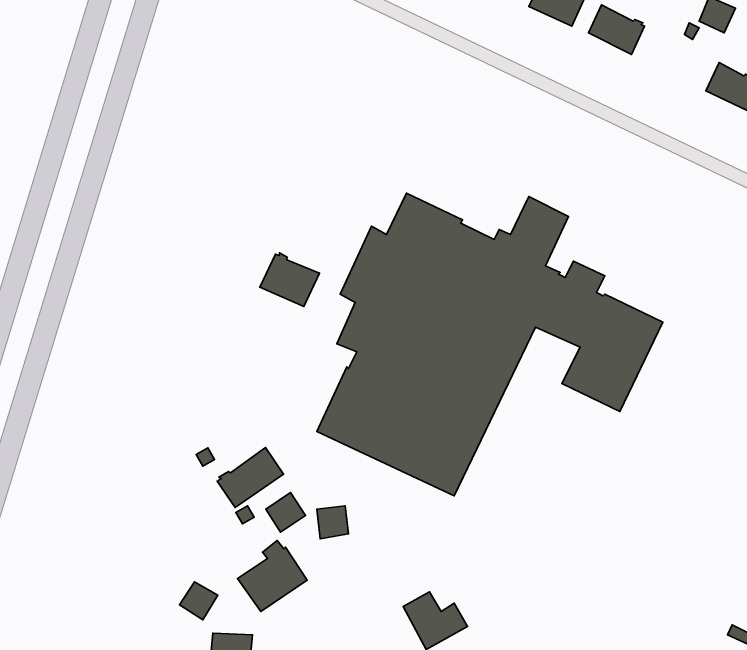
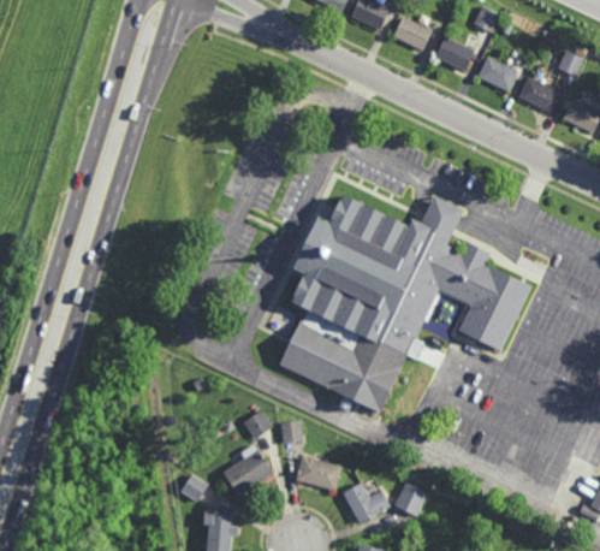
building: none -> [518,76,558,111]
building: [260,253,320,306] -> none
building: [217,448,283,508] -> none
building: none -> [295,456,341,491]
building: none -> [394,482,428,517]

